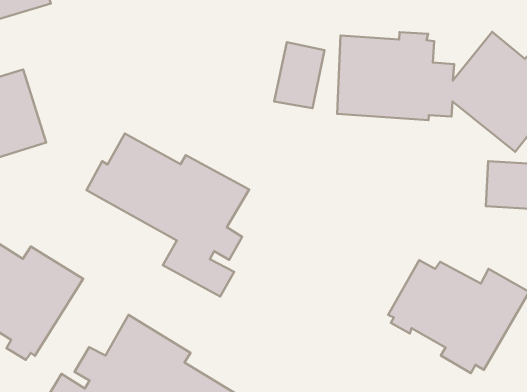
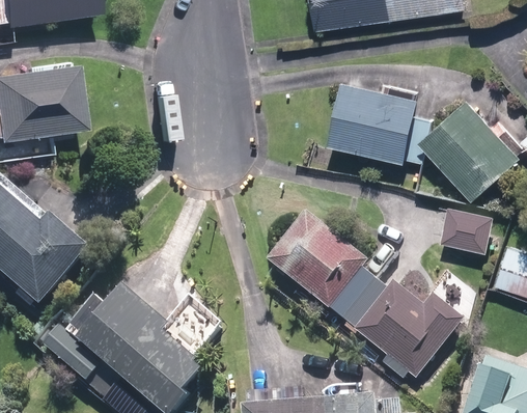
building: [274,42,324,108] -> none
building: [86,133,249,297] -> none
building: none -> [269,212,377,321]

